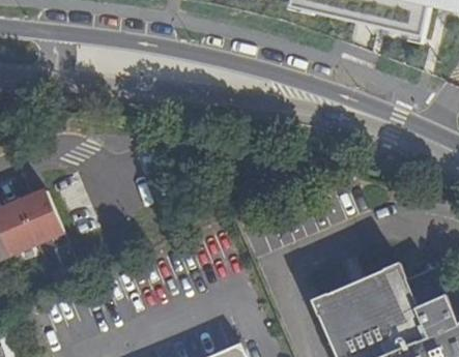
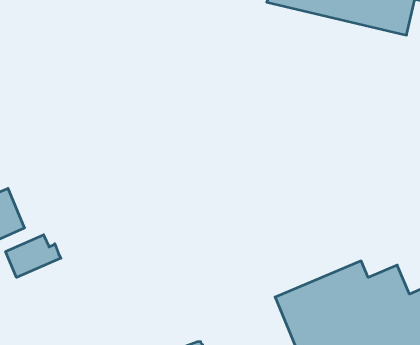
building: none -> [6,235,61,277]

